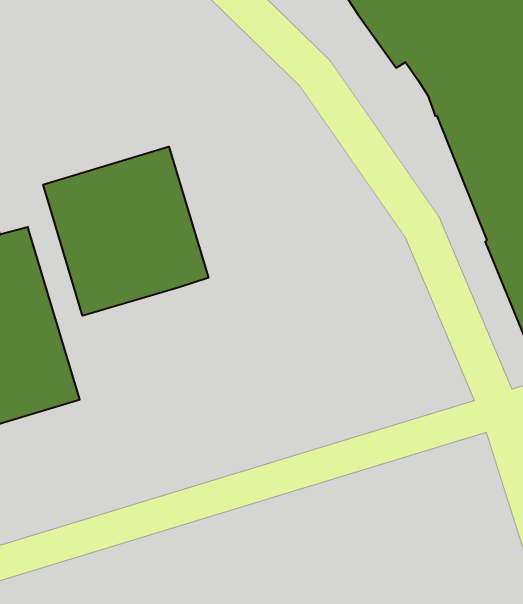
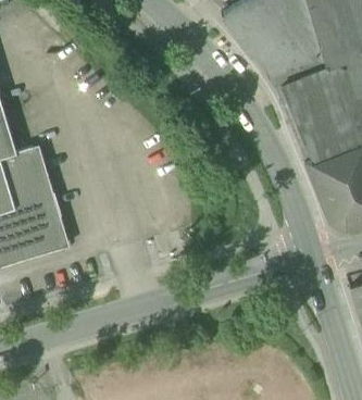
building: [43,147,208,316] -> none

